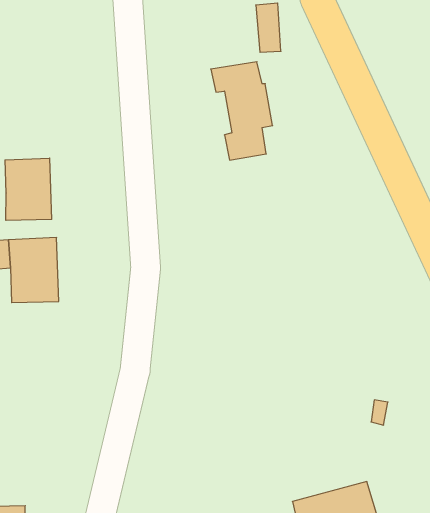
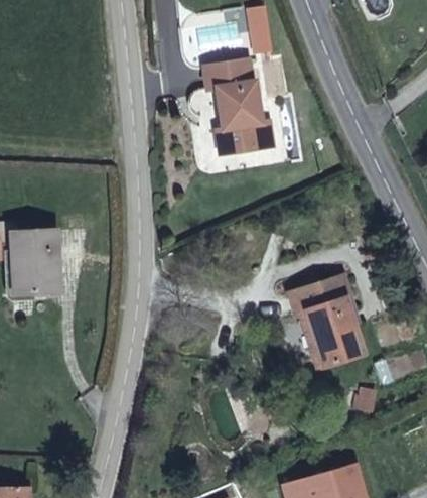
building: [5,158,52,220] -> none
building: none -> [288,275,363,365]

